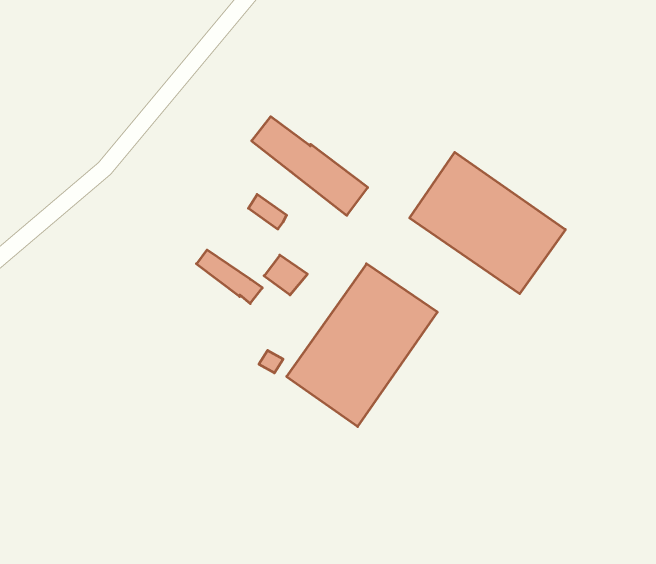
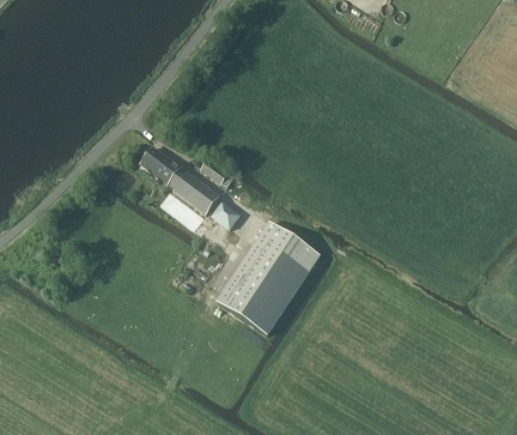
building: [252,117,368,215] -> [139,150,219,218]
building: [410,152,565,294] -> none

